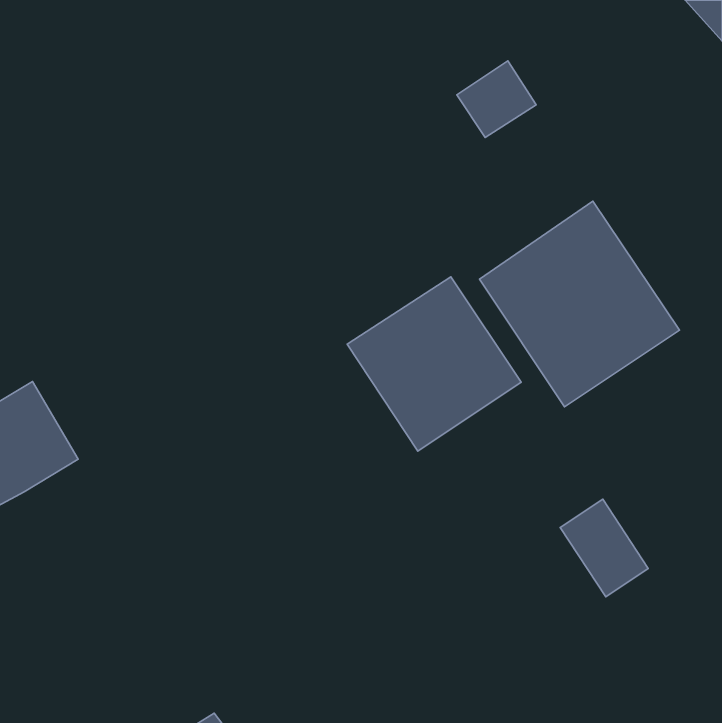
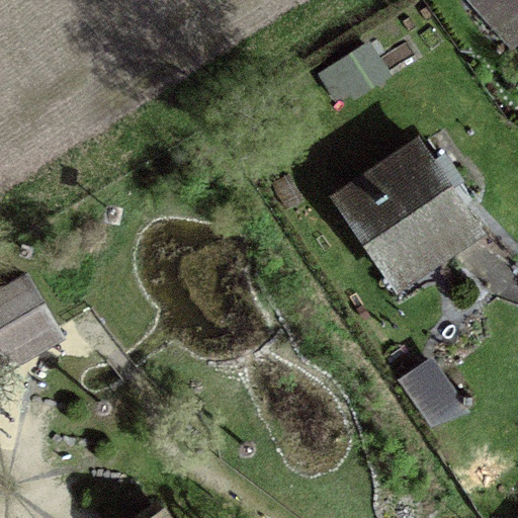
building: [347,277,521,451] -> none

